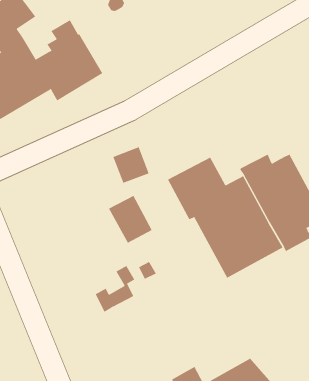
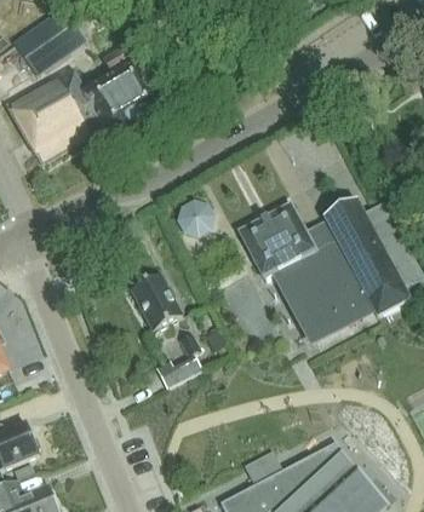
building: [108,195,152,244] -> [130,274,182,330]

